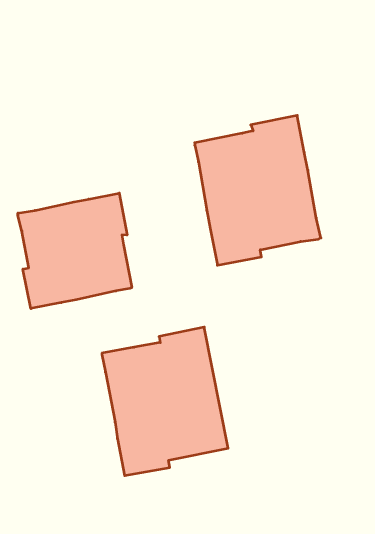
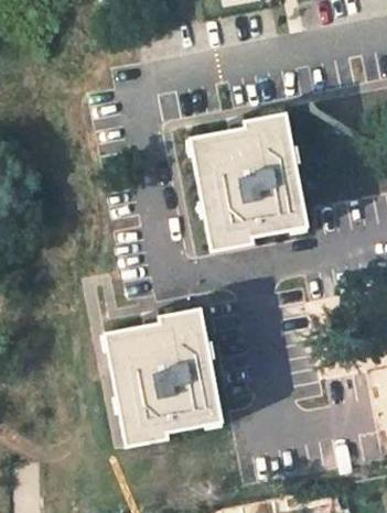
building: [18,193,132,309] -> none

